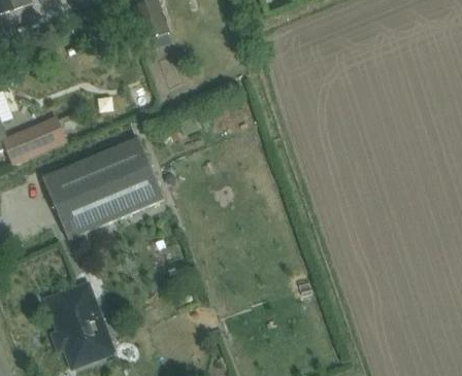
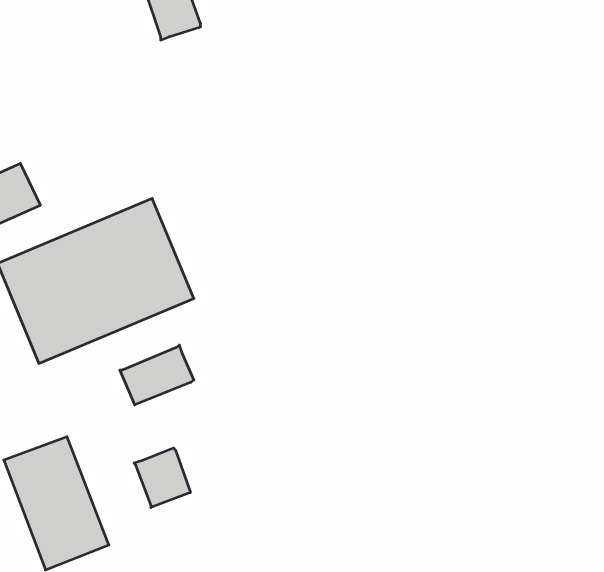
building: none -> [120,345,194,405]
building: none -> [134,448,190,508]

